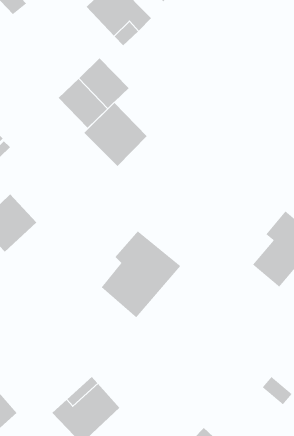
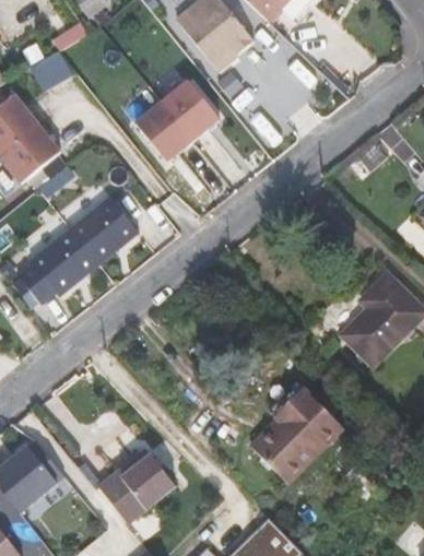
building: [83,102,148,167] -> none
building: none -> [70,197,138,264]
building: [101,230,181,318] -> [249,382,344,484]

